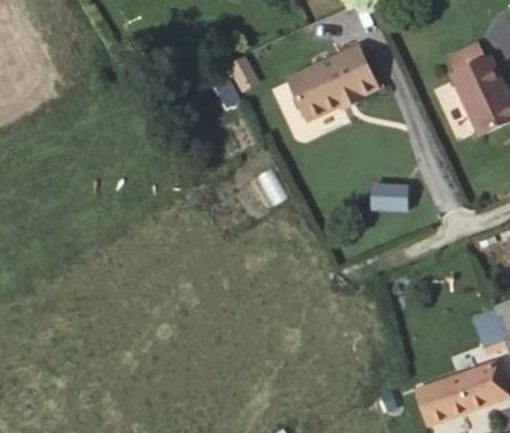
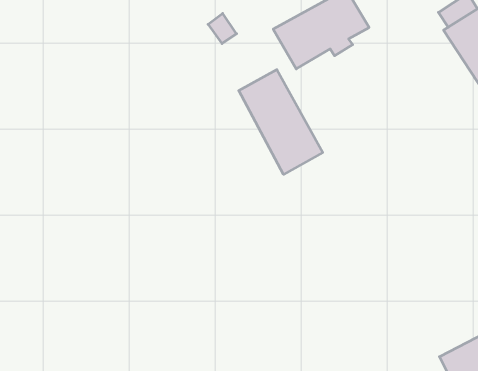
building: none -> [239,70,323,174]
building: [377,183,415,212] -> none

